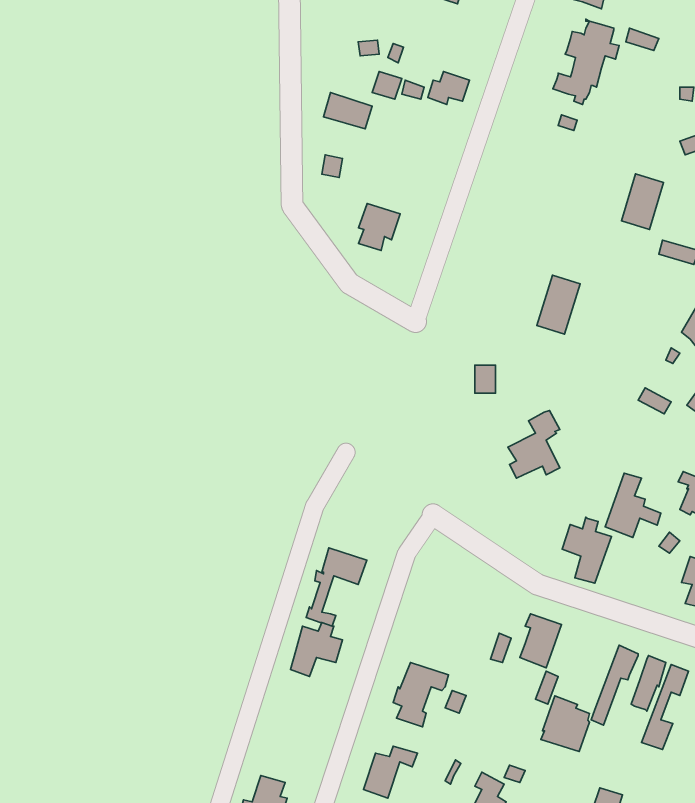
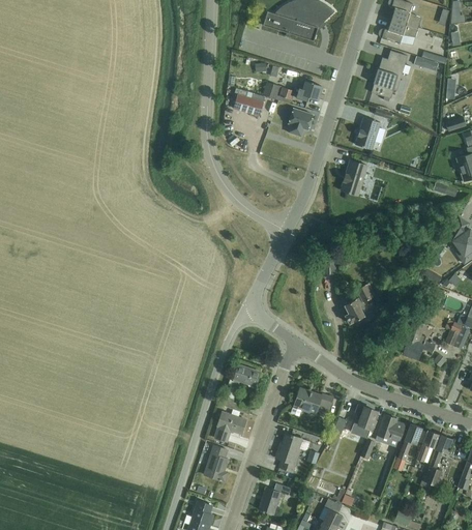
building: [622,174,663,229] -> [356,117,381,150]
building: [358,203,400,250] -> [289,109,314,137]
building: [537,275,580,334] -> [342,160,367,196]
building: [562,517,612,583] -> none
building: none -> [291,388,334,416]
building: none -> [205,446,228,481]
building: [541,696,590,752] -> [376,414,405,447]

